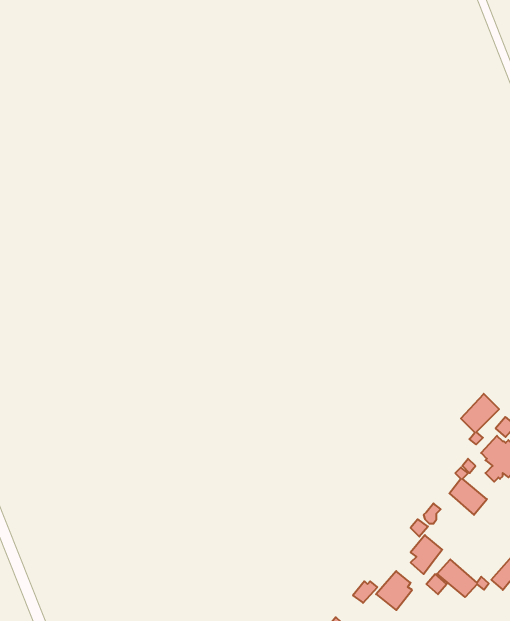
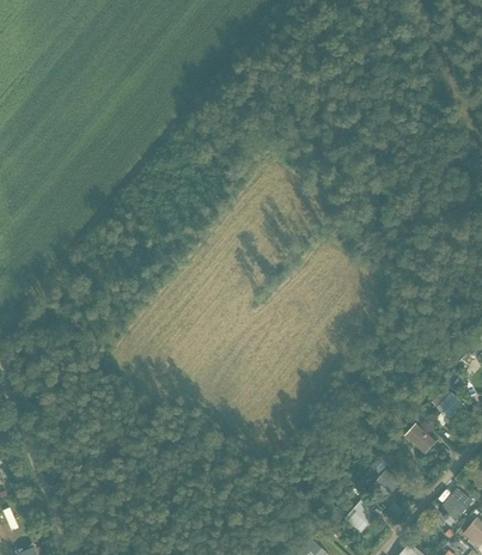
building: [461,394,499,444] -> none
building: [437,559,489,597] -> none

